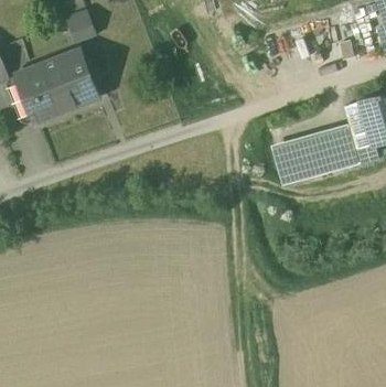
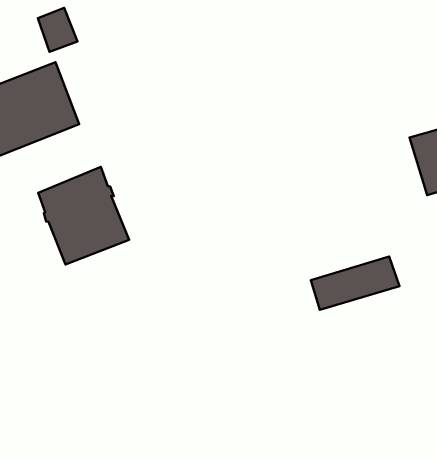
building: none -> [38,167,129,264]
building: [287,132,353,172] -> [311,257,399,310]

